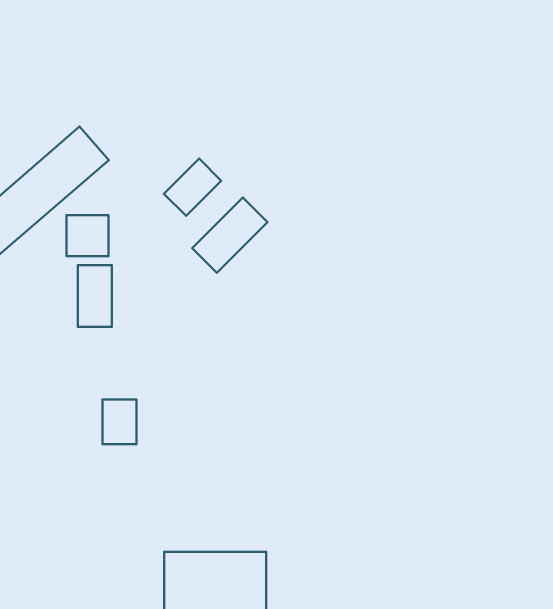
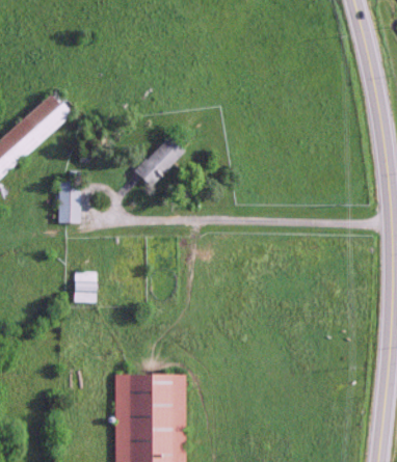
building: [164,159,221,216] -> none
building: [67,215,109,256] -> none

